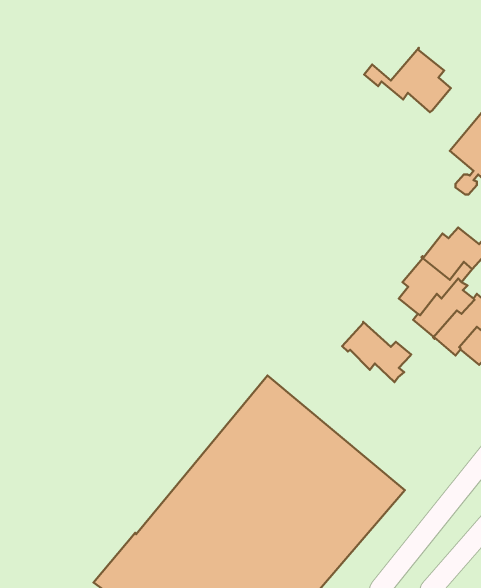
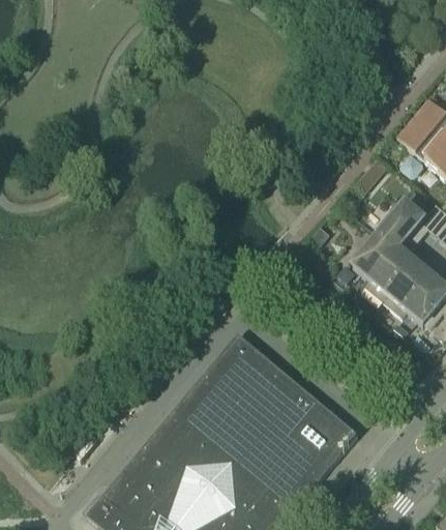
building: [364,48,451,112] -> none
building: [342,322,411,382] -> none

